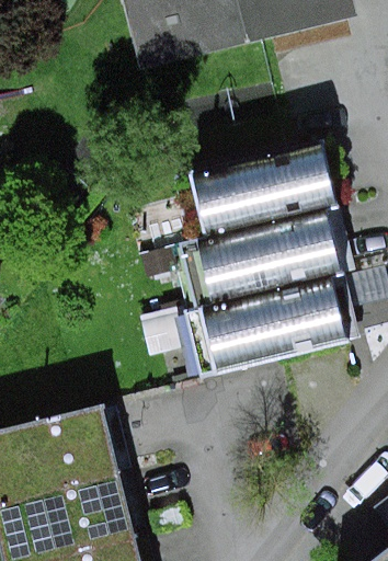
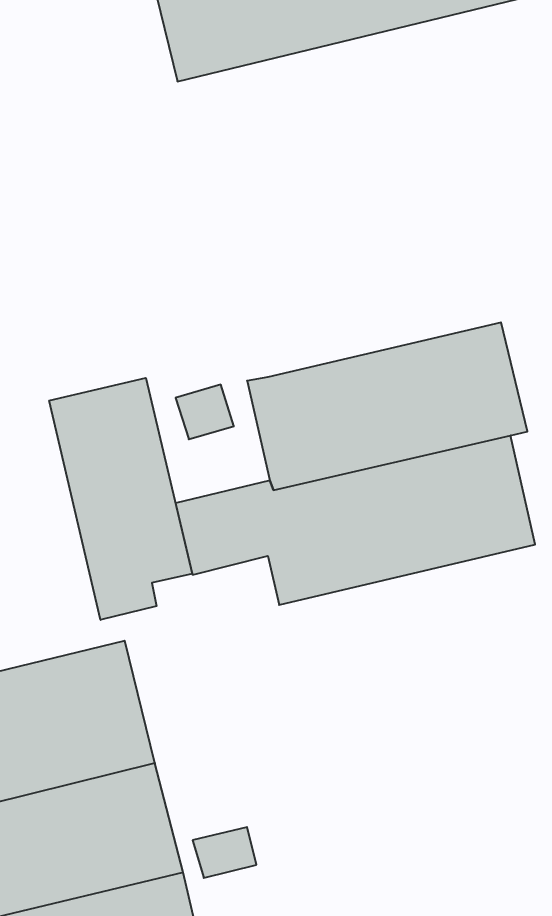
building: [176,144,340,242] -> none
building: none -> [49,378,192,620]

